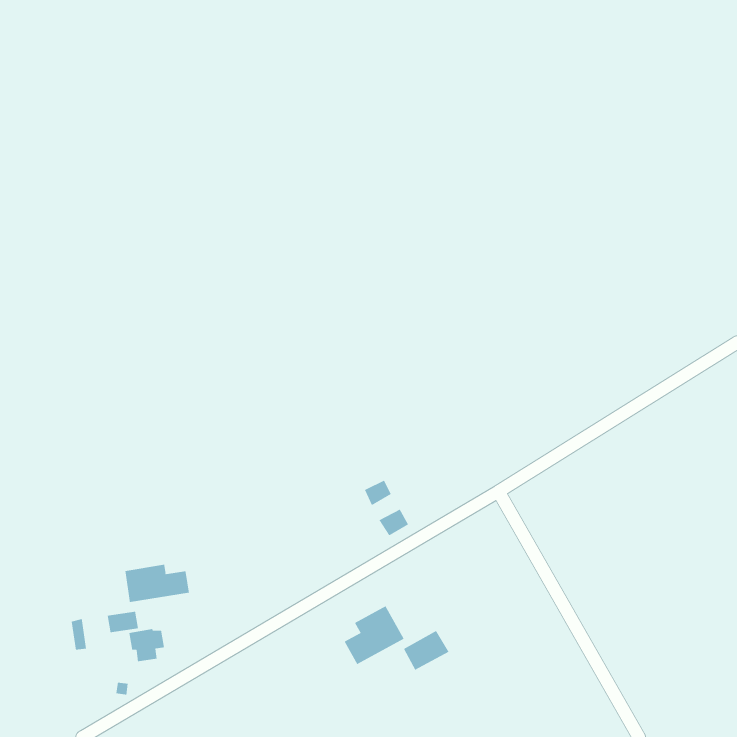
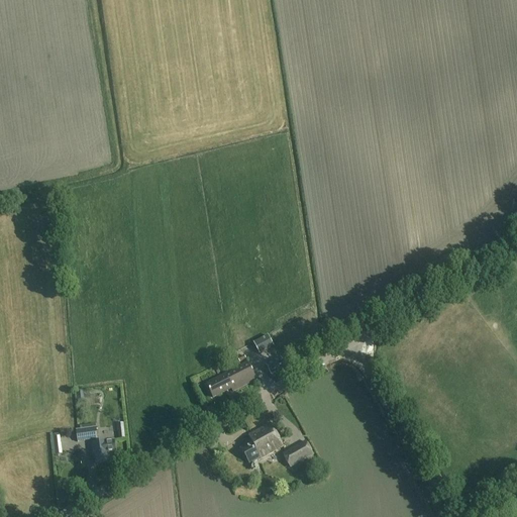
building: none -> [207,363,256,397]
building: [125,564,189,603] -> none

